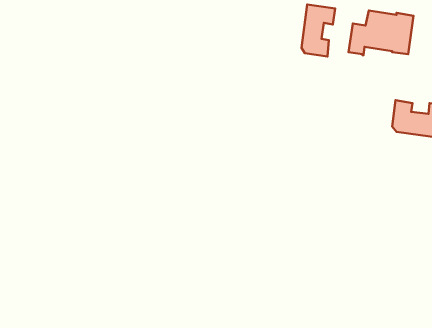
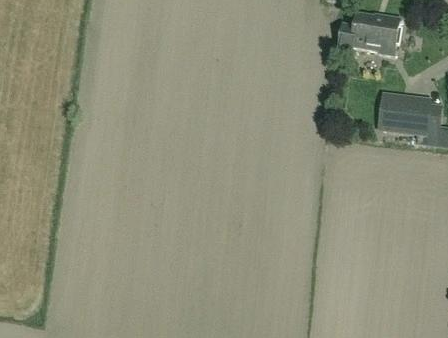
building: [301,4,335,56] -> none

